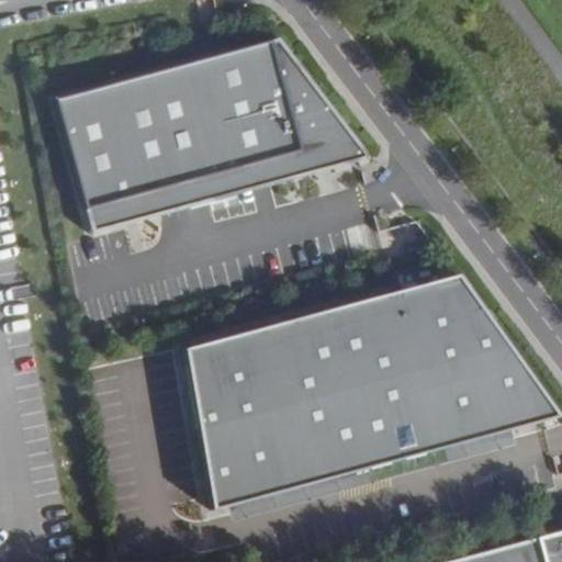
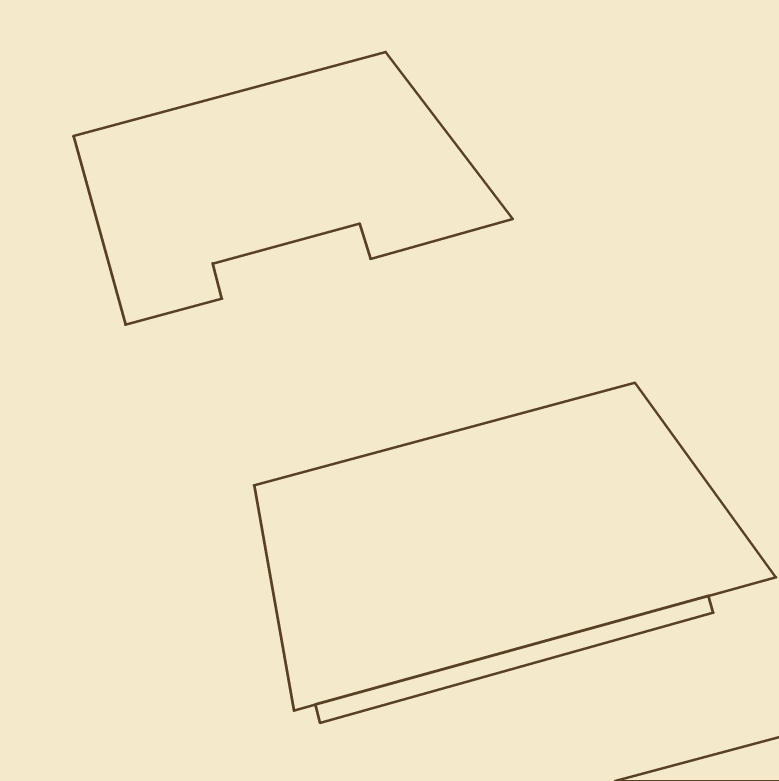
building: [155,160,268,214] -> none

